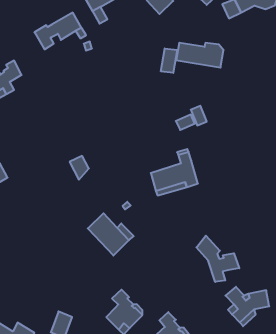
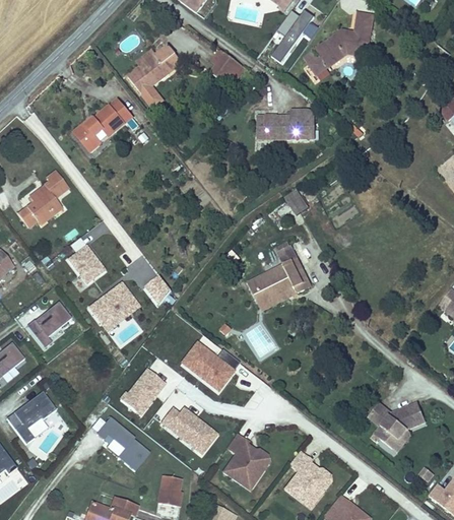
building: [161,48,177,73] -> none
building: none -> [68,245,108,285]
building: none -> [89,282,139,331]
building: none -> [124,370,167,415]
building: [196,236,239,282] -> none
building: none -> [91,416,150,472]
building: none -> [161,407,218,455]

